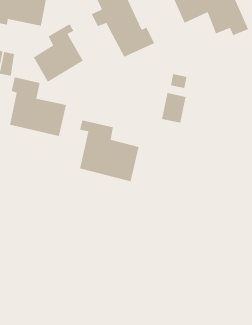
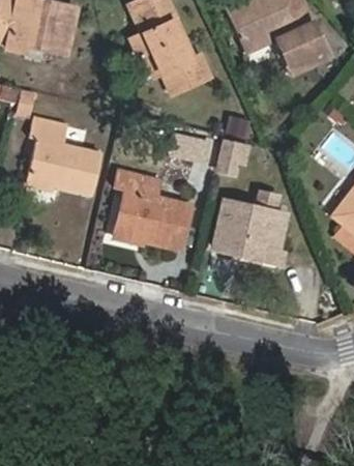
building: [33,23,84,83] -> none
building: none -> [212,191,285,263]

